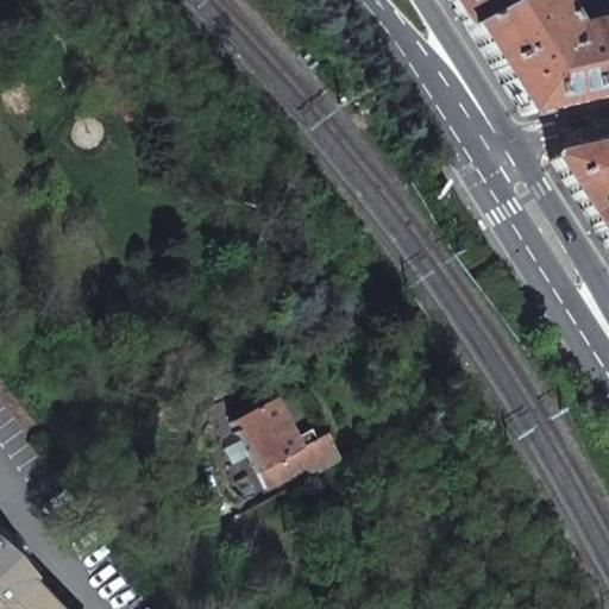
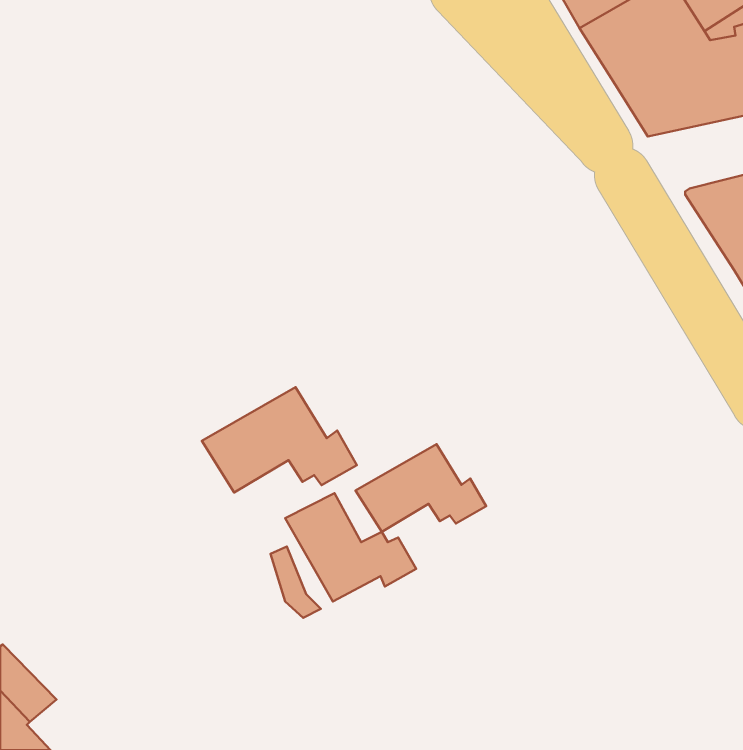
building: none -> [202,387,357,493]
building: none -> [356,444,486,532]

